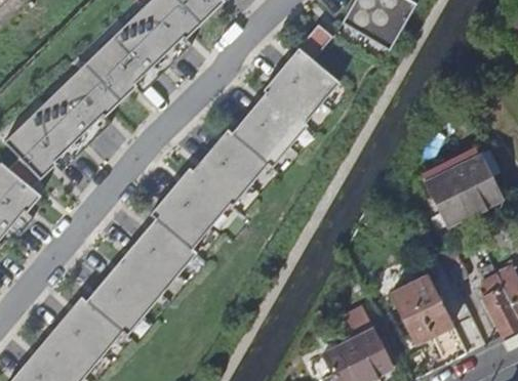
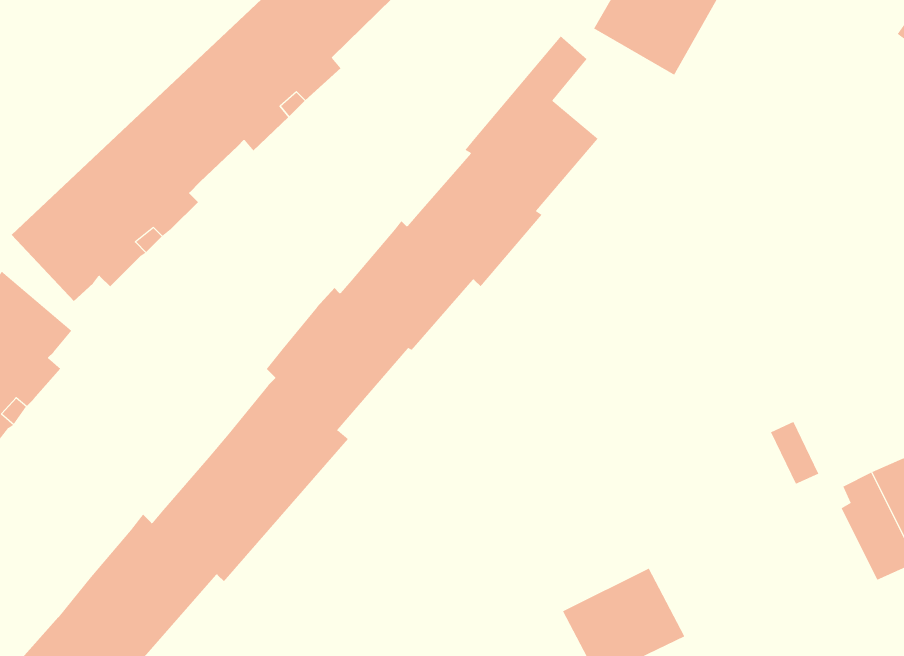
building: [425,153,500,223] -> none
building: [389,271,450,338] -> none

